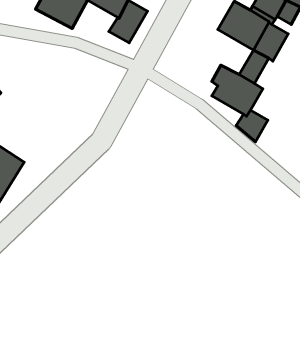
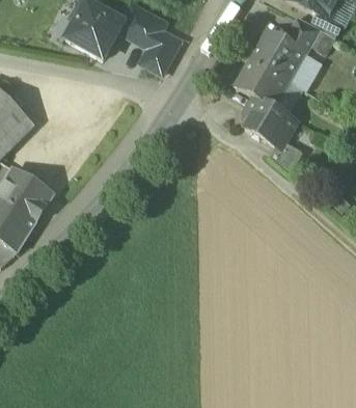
building: none -> [237,58,287,104]

